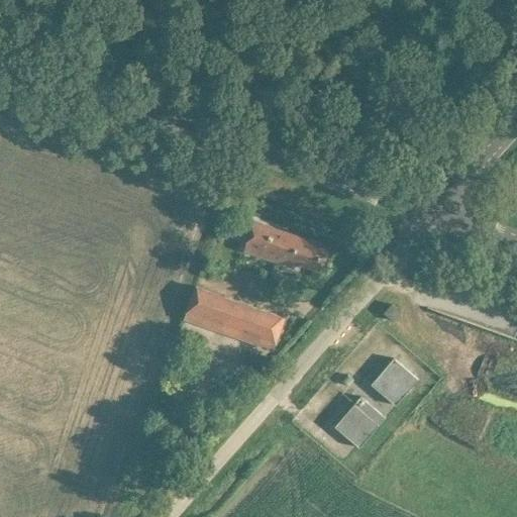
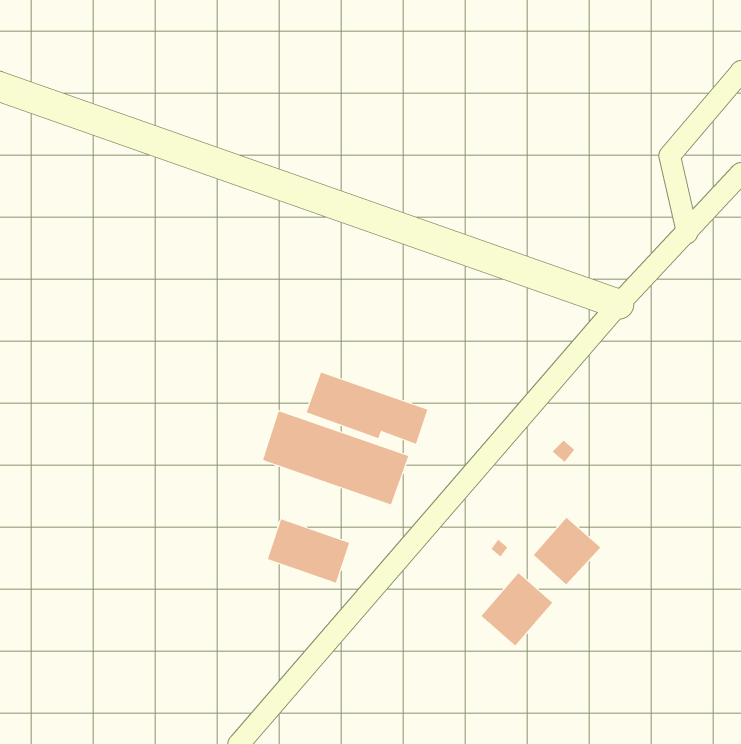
building: [242,221,327,272] -> [306,372,428,445]
building: none -> [267,519,350,583]

